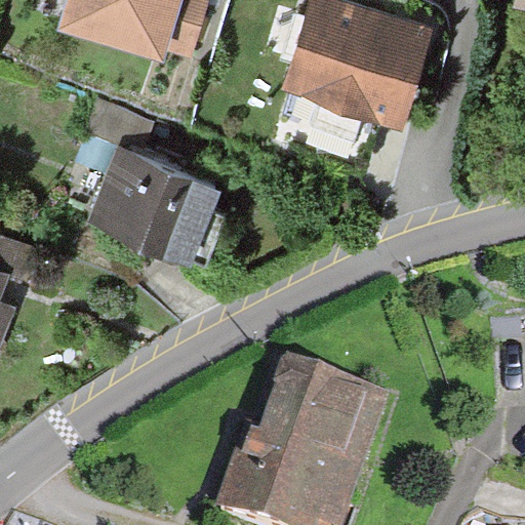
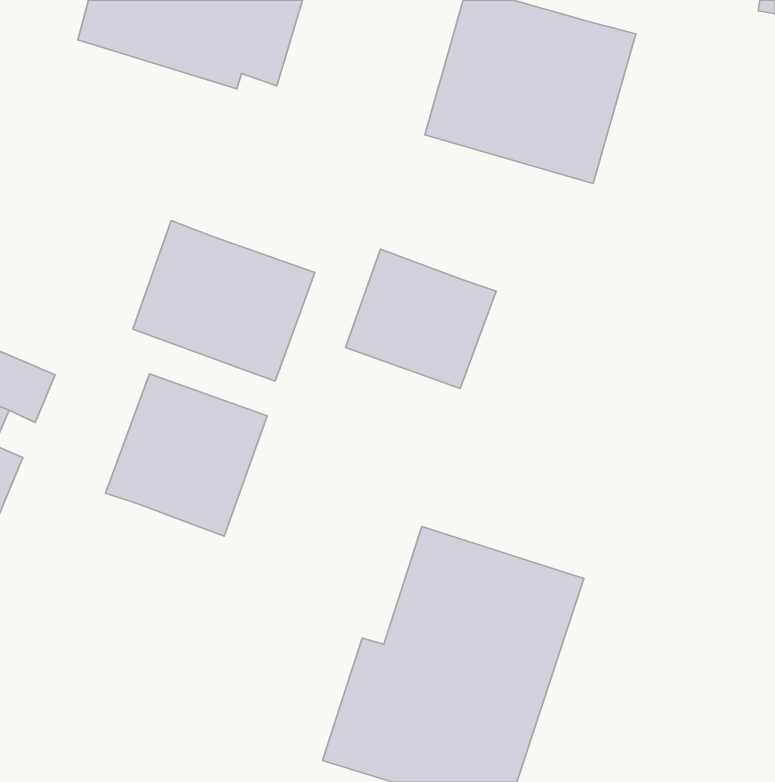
building: none -> [345,249,496,389]
building: none -> [106,374,267,536]

